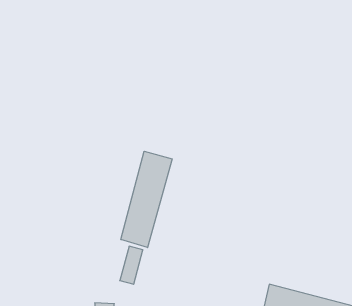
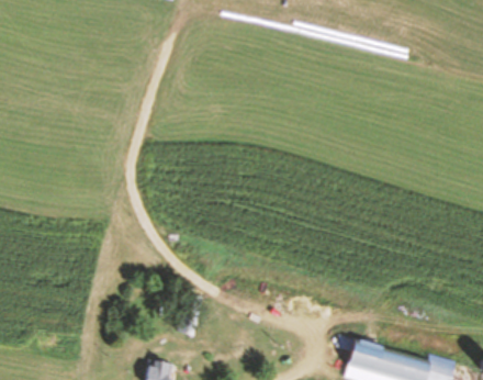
building: [121,151,172,248] -> none

